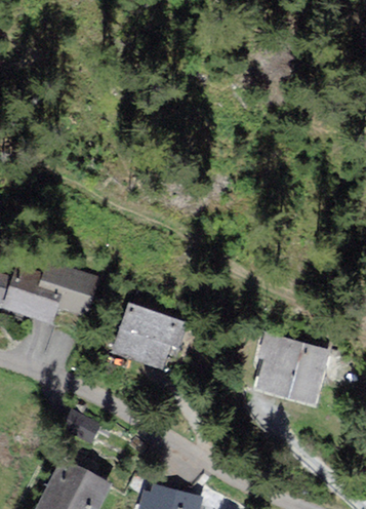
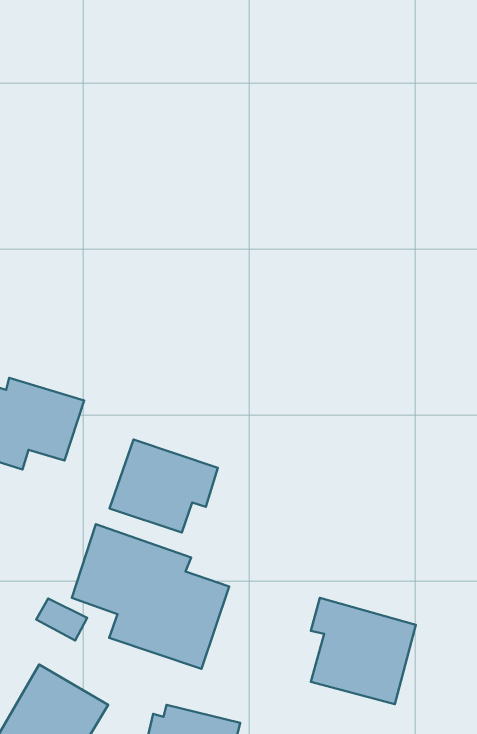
building: [258,334,330,406] -> [311,598,416,704]
building: none -> [72,524,229,669]

